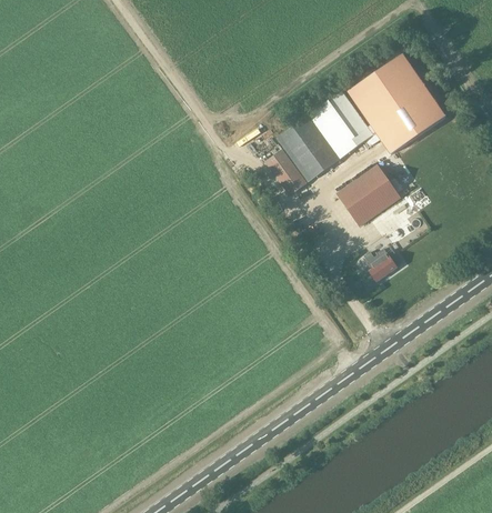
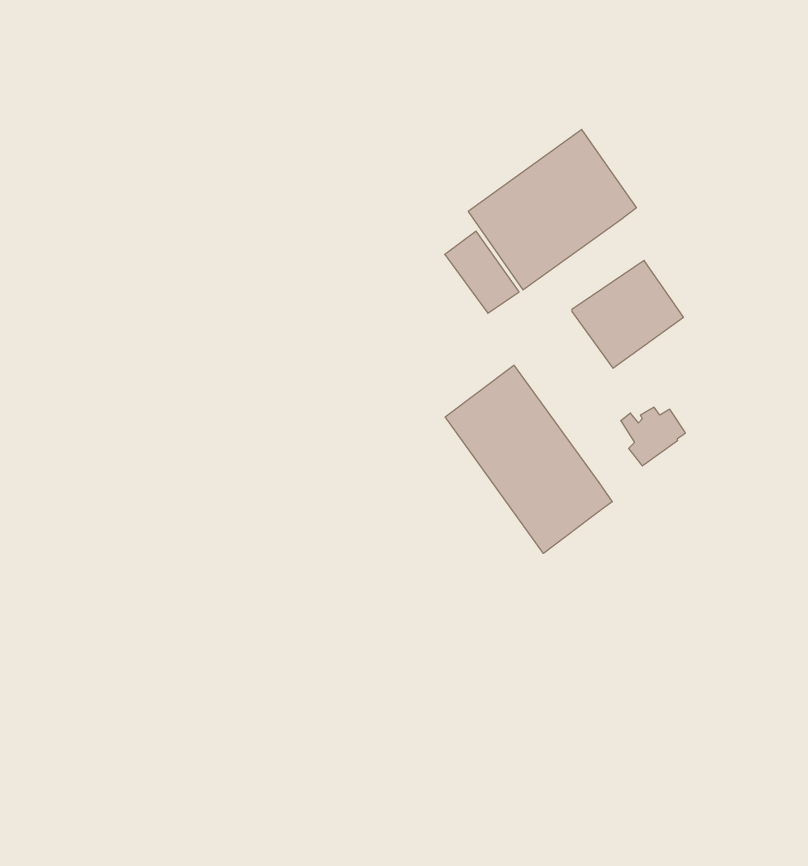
building: [347,53,445,153] -> none
building: none -> [445,365,612,553]

